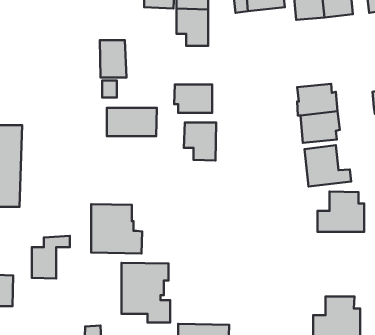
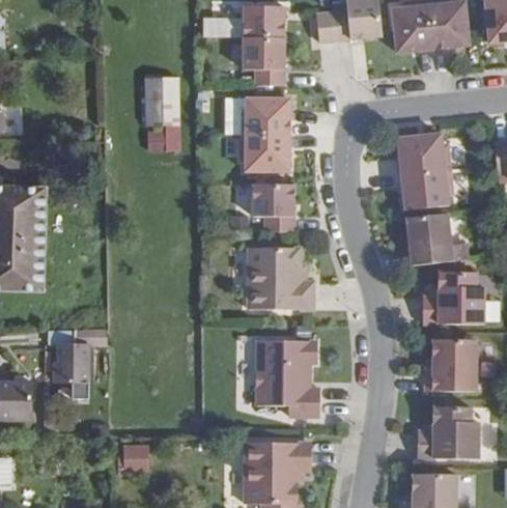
building: [107,108,157,136] -> [225,98,289,135]
building: [91,204,142,253] -> [248,247,313,310]
building: none -> [425,339,476,391]
building: [122,263,170,323] -> [256,340,318,417]

